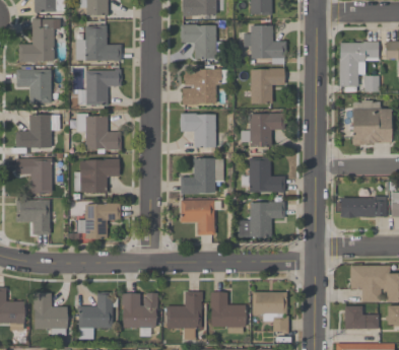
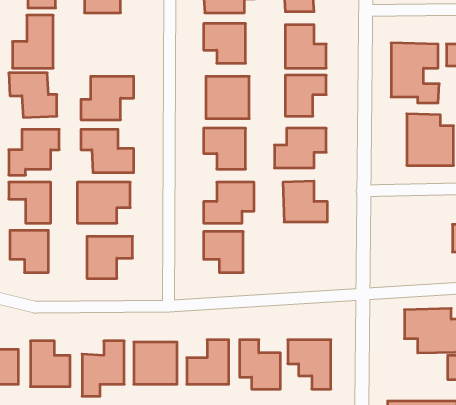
building: [75,24,121,60] -> none
building: [338,197,387,217] -> none
building: [238,201,284,237] -> none
building: [344,306,378,329] -> none

